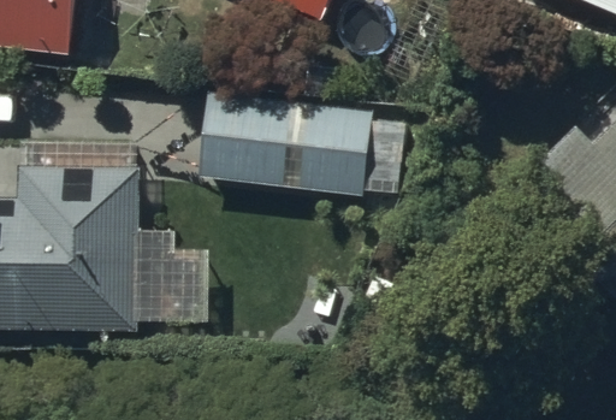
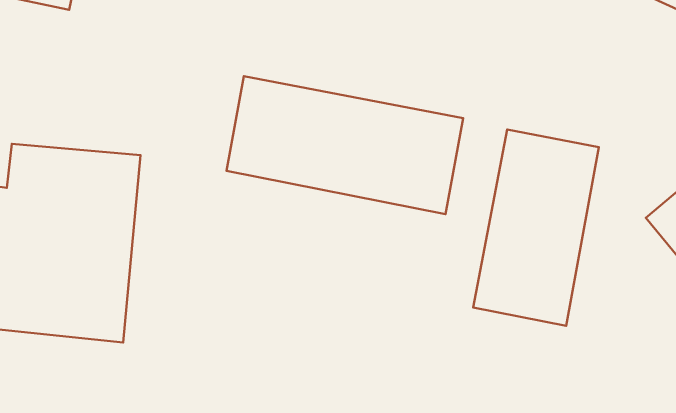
building: none -> [473,129,599,326]

